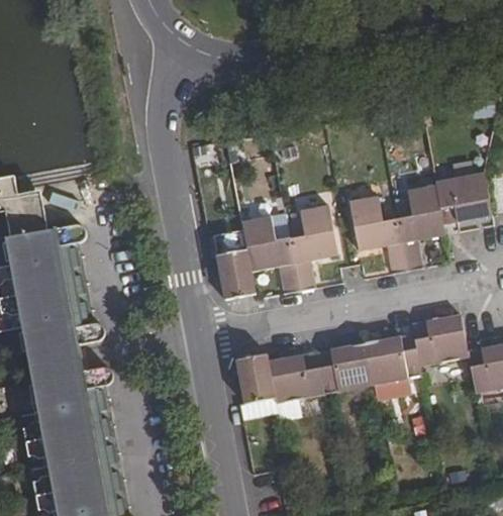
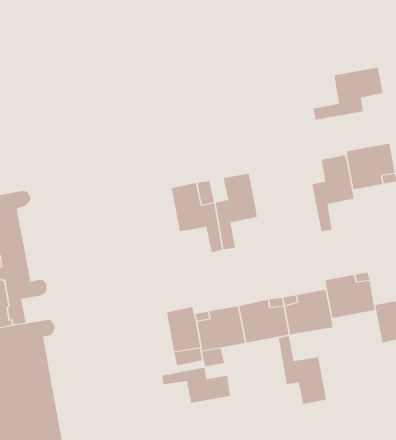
building: none -> [313,67,383,120]
building: [347,195,406,273] -> none
building: [215,248,255,299] -> none
building: none -> [278,335,327,405]
building: none -> [162,367,231,404]

